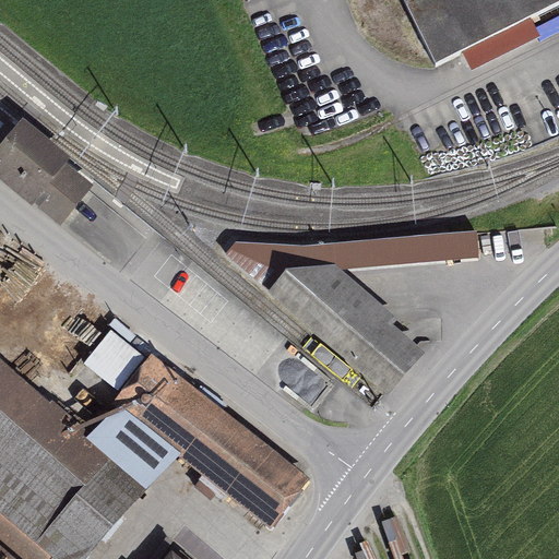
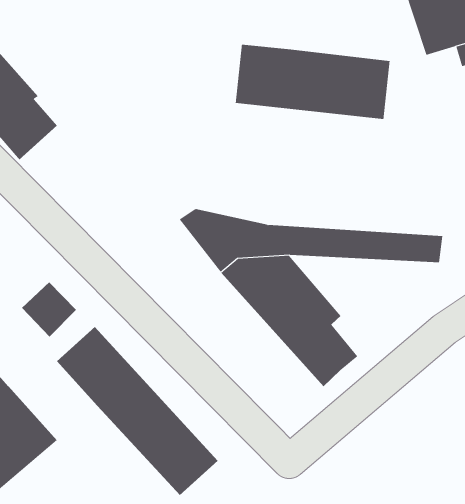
building: none -> [235,44,390,120]
building: [85,407,173,483] -> none

